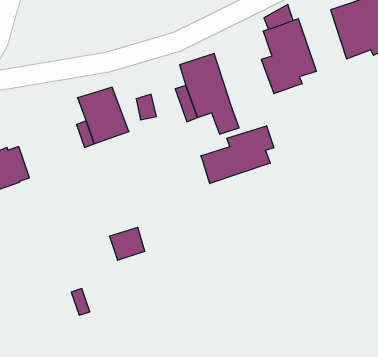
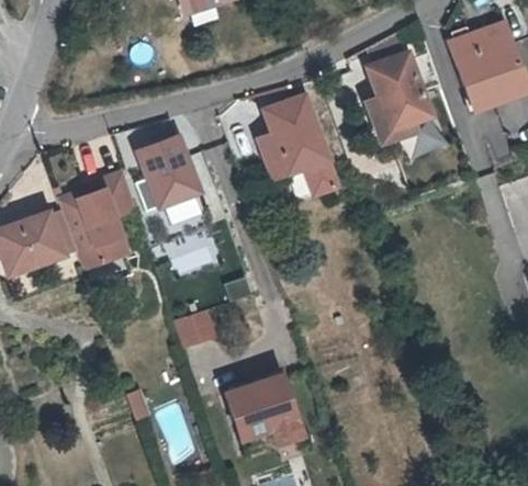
building: none -> [59,170,137,292]
building: [201,126,274,184] -> none
building: none -> [228,371,313,448]

